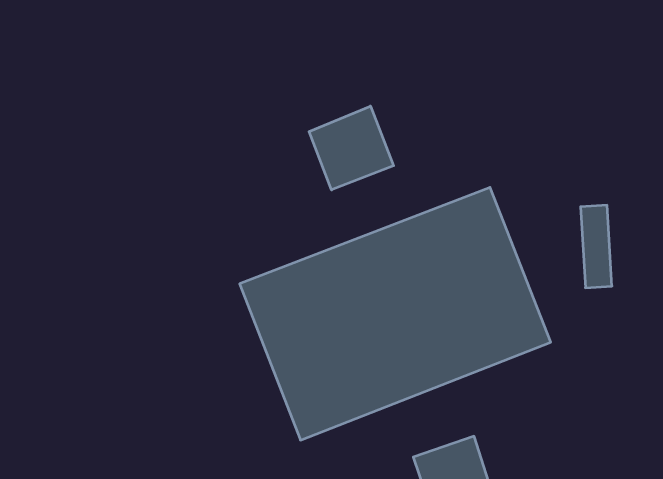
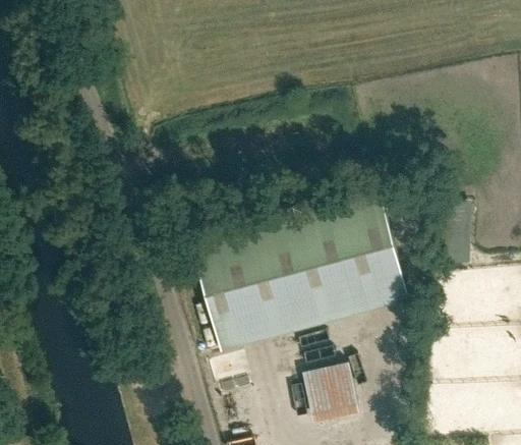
building: [309,106,394,190] -> none

